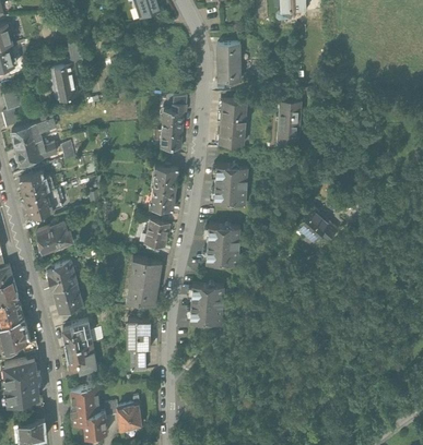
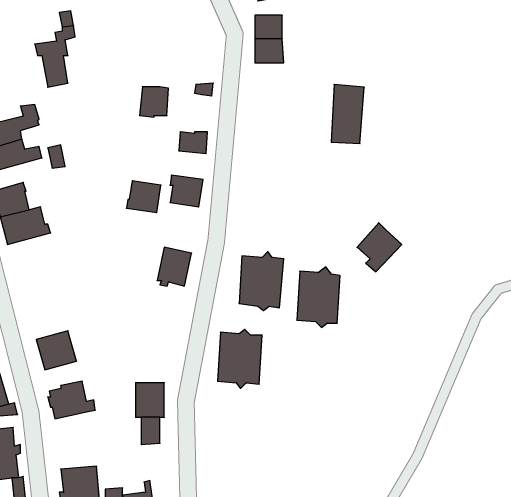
building: [219,101,247,147] -> none
building: [162,113,184,136] -> [140,87,168,117]
building: [214,165,247,211] -> [297,267,340,327]
building: [150,189,176,213] -> [126,181,161,213]
building: [37,225,73,254] -> none
building: [127,261,163,309] -> none
building: [46,264,77,292] -> none
building: [67,347,96,374] -> none

